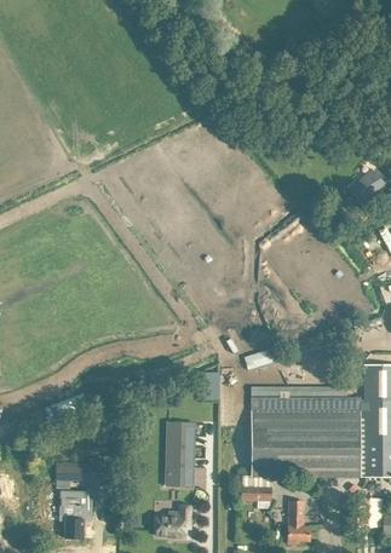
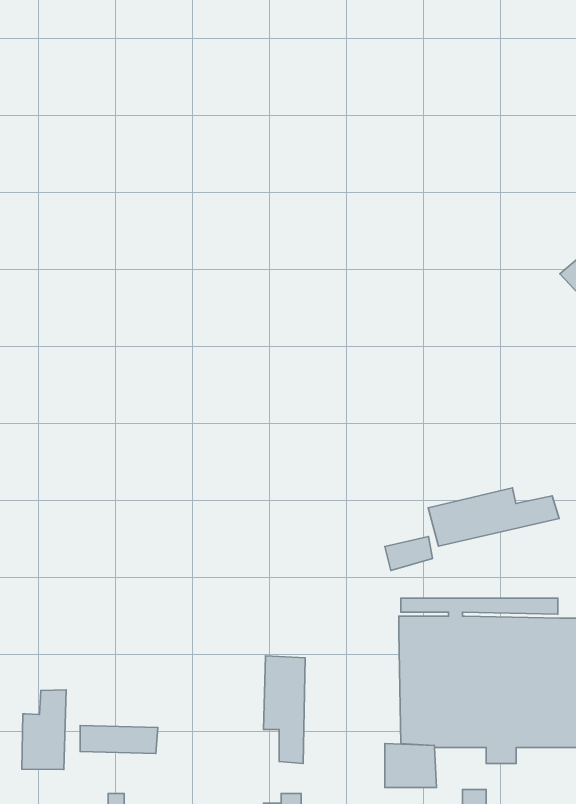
building: none -> [428,488,559,546]
building: none -> [22,690,66,769]

